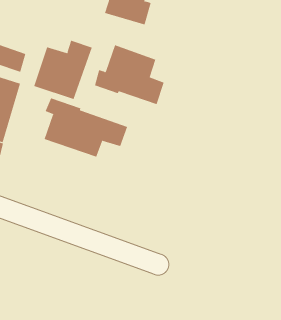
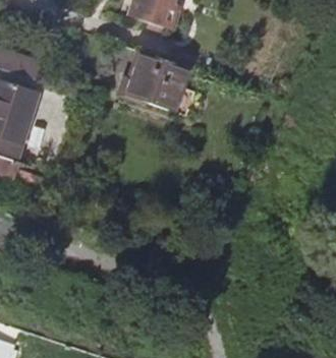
building: [33,40,93,100] -> none
building: [44,98,128,157] -> none

